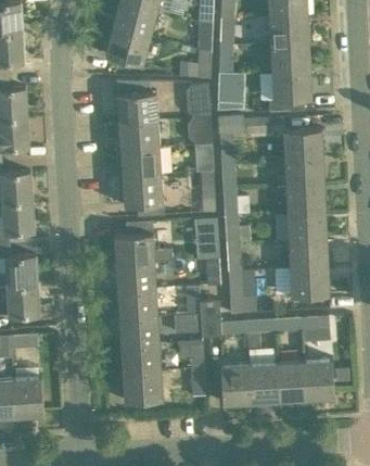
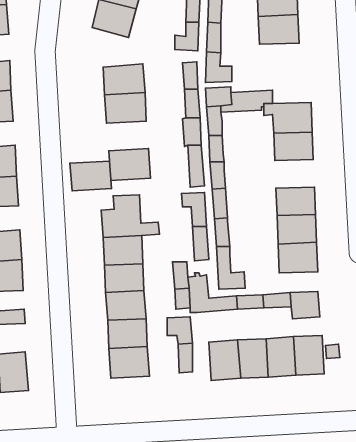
building: [268,71,311,113] -> none
building: [119,148,161,177] -> [70,161,112,191]
building: [285,186,324,214] -> none

